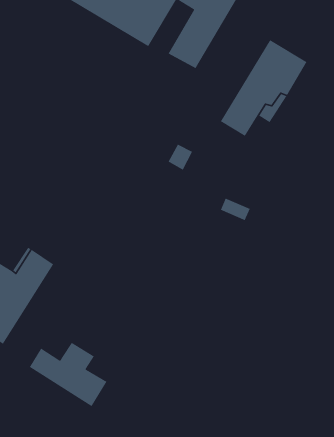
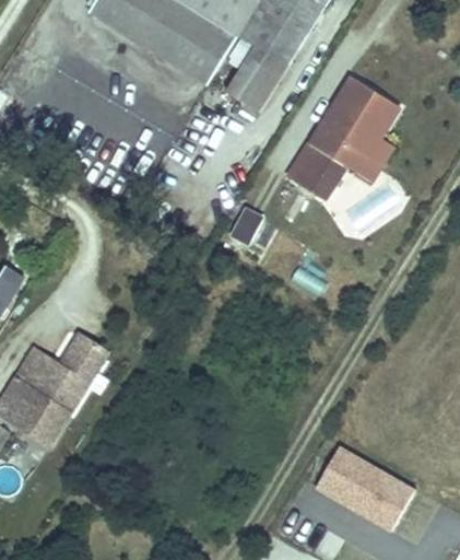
building: [29,342,107,407] -> none
building: none -> [315,446,414,532]

